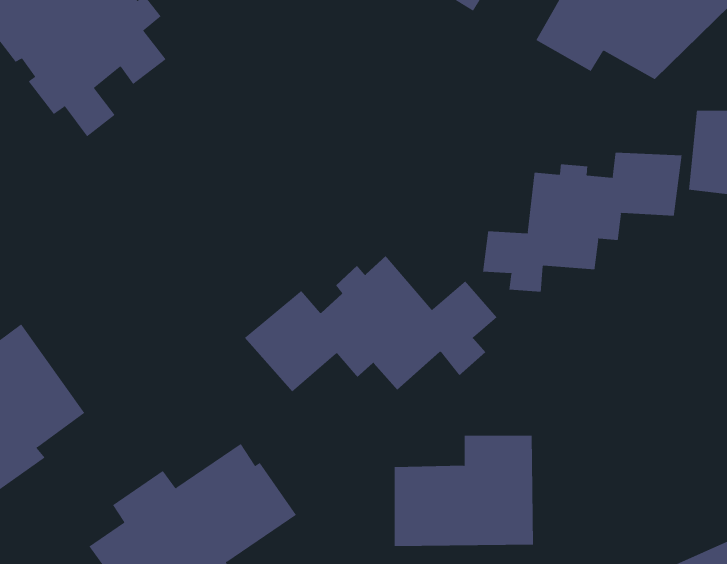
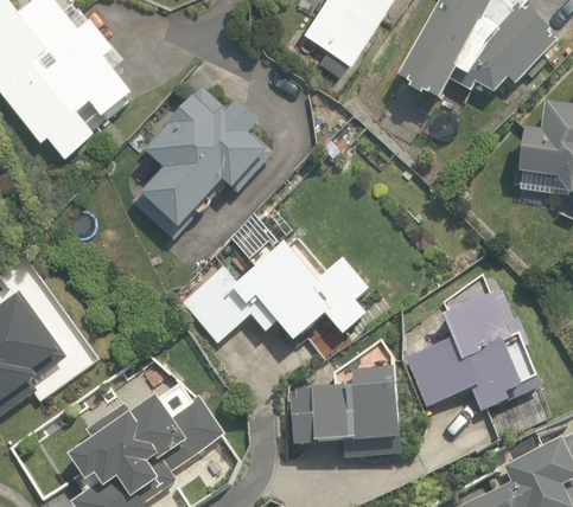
building: none -> [130,84,270,237]
building: [483,152,682,293] -> none
building: none -> [403,294,537,412]

